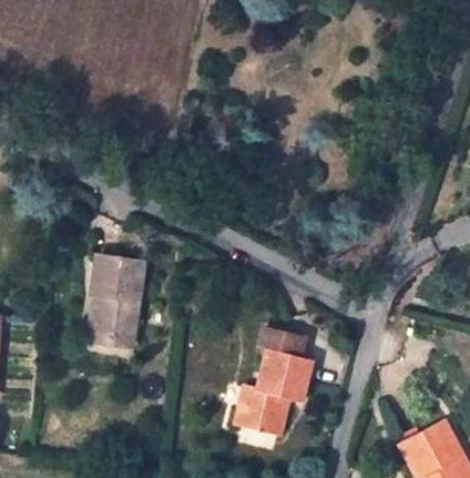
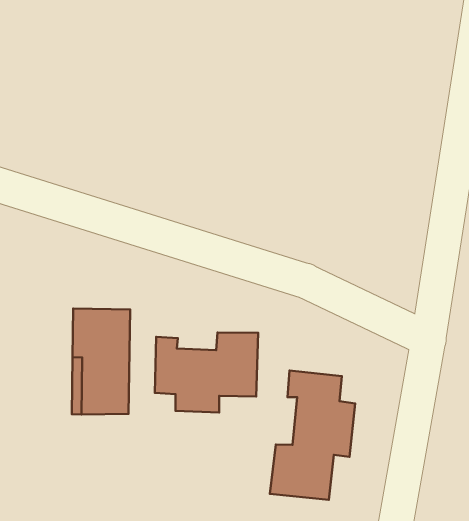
building: none -> [155,332,258,413]

